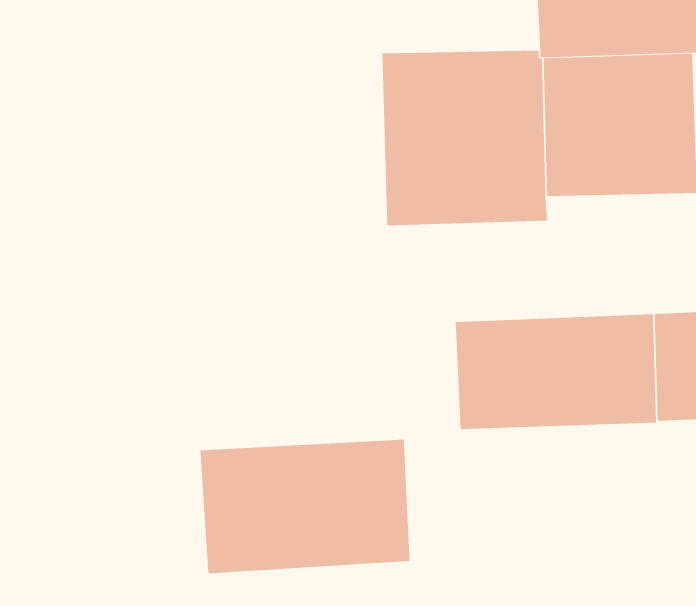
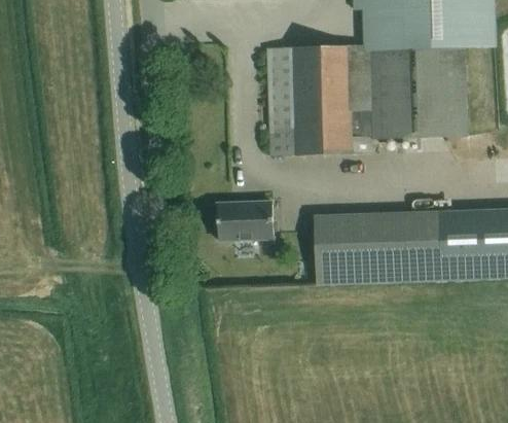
building: none -> [215,198,274,240]
building: [200,439,410,574] -> none

